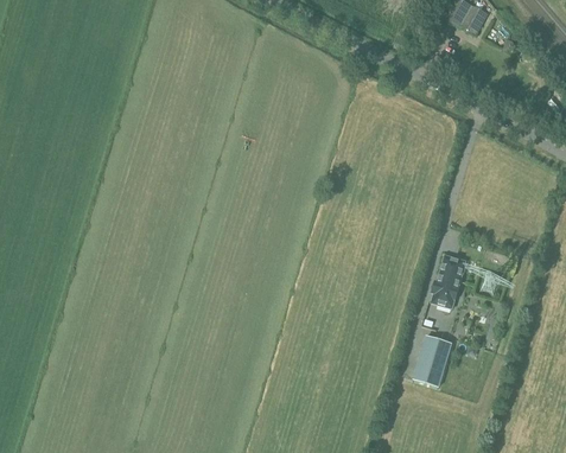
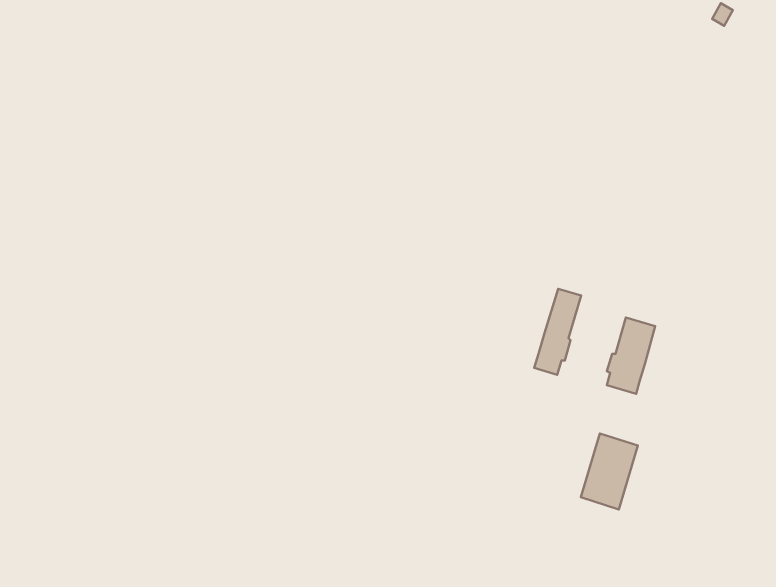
building: none -> [534,289,581,375]

